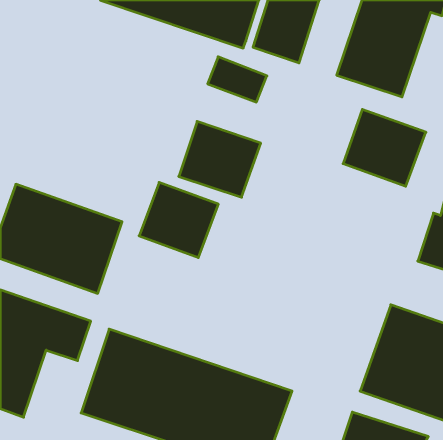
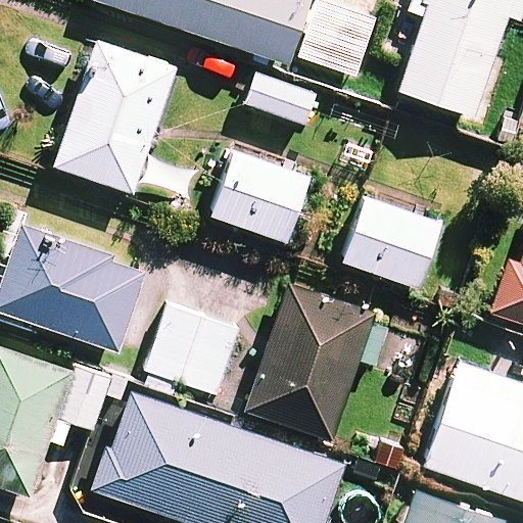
building: none -> [55,43,176,191]
building: [343,109,426,186] -> [343,195,440,285]
building: [139,182,218,258] -> [146,306,239,394]
building: none -> [246,287,391,439]

